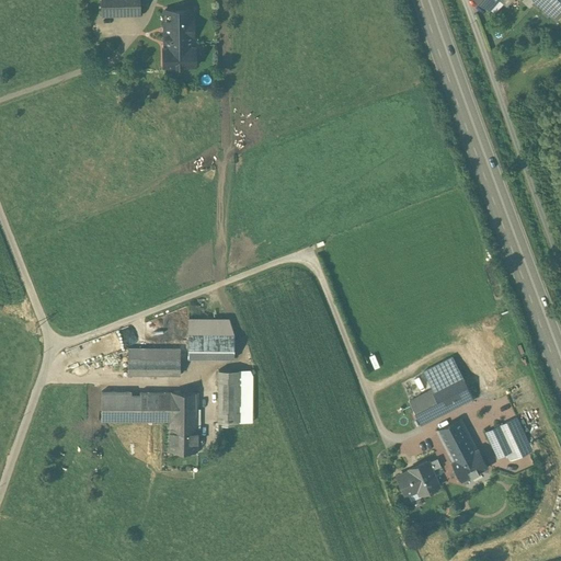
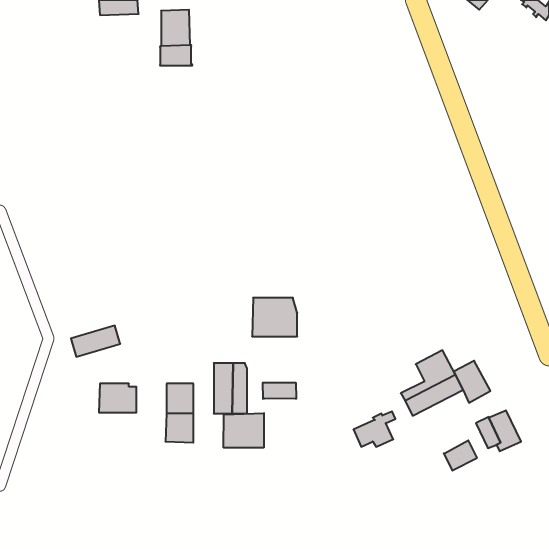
building: [187,319,233,358] -> [252,298,297,336]
building: [128,348,180,375] -> none
building: none -> [263,383,296,399]
building: [139,391,170,422] -> none
building: [438,420,476,462] -> [454,361,490,403]
building: none -> [224,413,264,448]
building: [398,458,440,494] -> [353,411,395,447]

